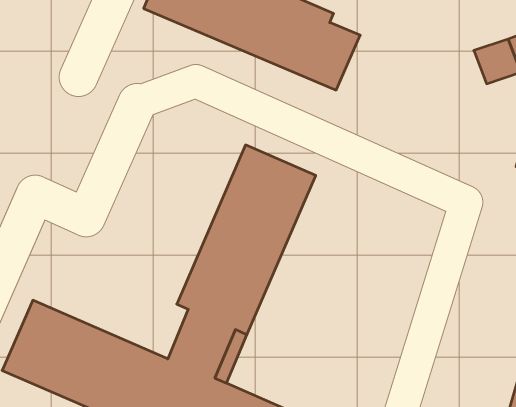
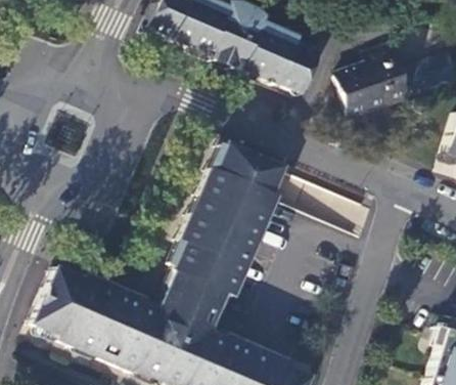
building: none -> [339,46,411,118]

